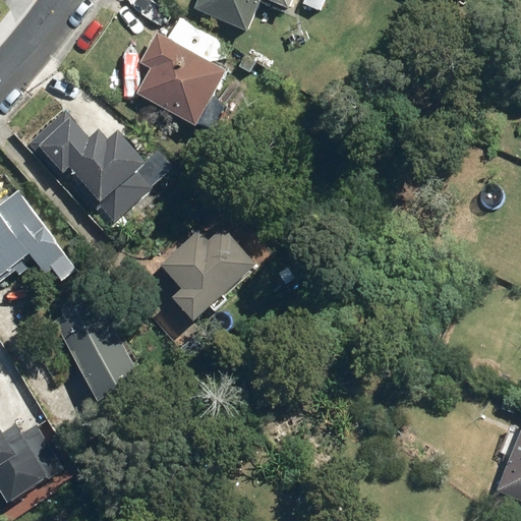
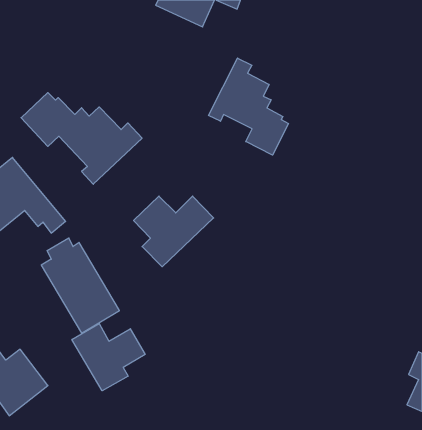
building: [132,30,226,134] -> none
building: none -> [209,58,288,155]
building: none -> [72,323,145,391]

